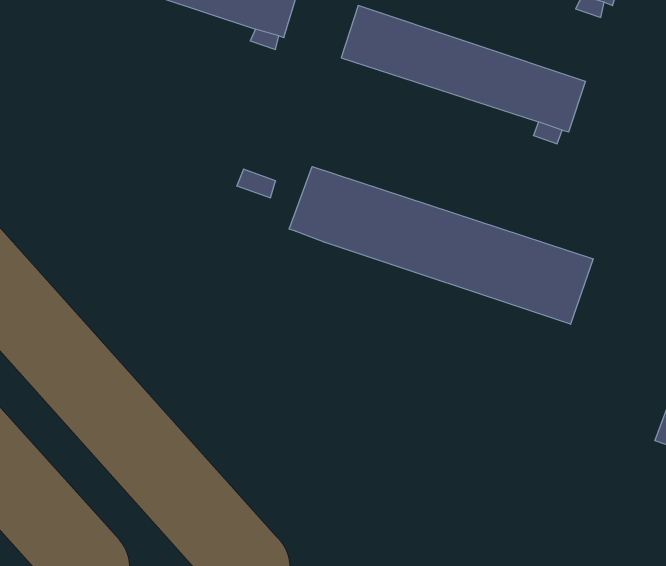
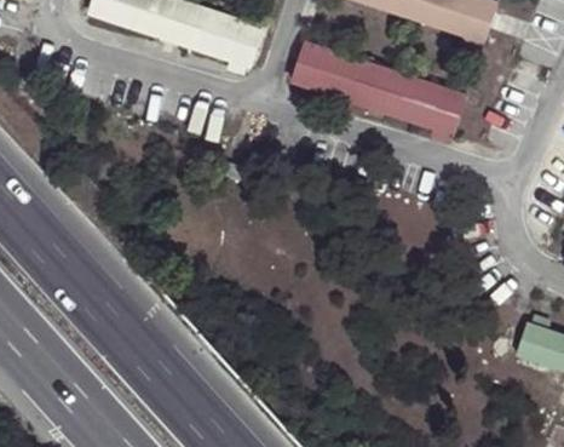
building: [289,167,593,324] -> none

